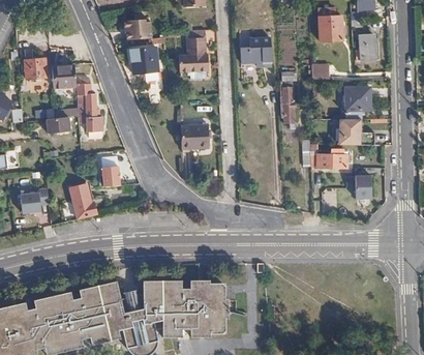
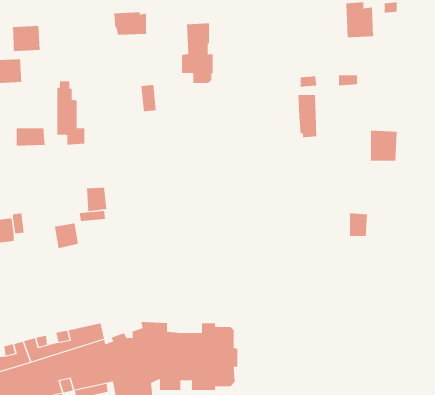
building: [356,34,374,60] -> none
building: [239,43,270,70] -> none
building: [130,45,158,71] -> none
building: [51,64,74,86] -> [12,25,40,51]
building: [345,87,370,116] -> none
building: [181,123,209,150] -> none
building: [310,149,347,169] -> none
building: [356,175,372,198] -> none

